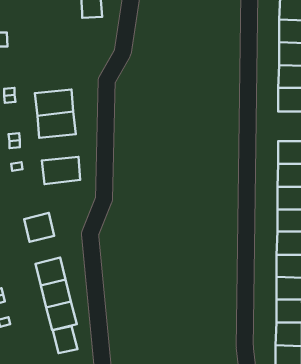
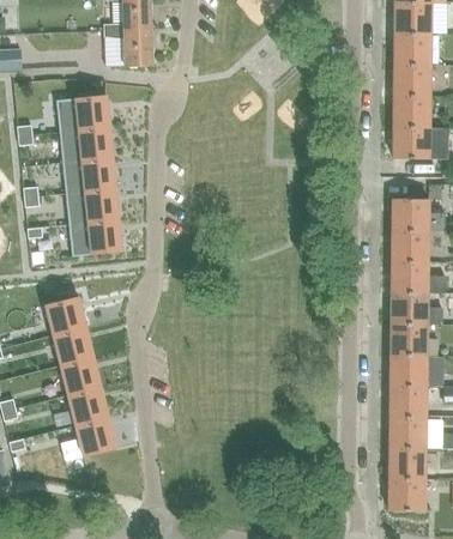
building: none -> [104,23,153,66]
building: none -> [56,96,110,133]
building: none -> [66,189,120,225]
building: none -> [53,328,95,367]
building: [53,326,77,353] -> none

